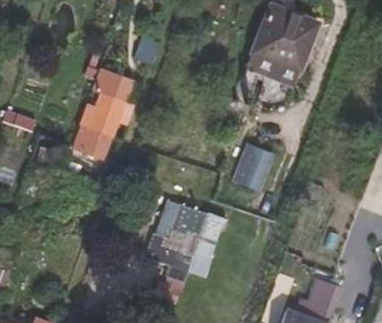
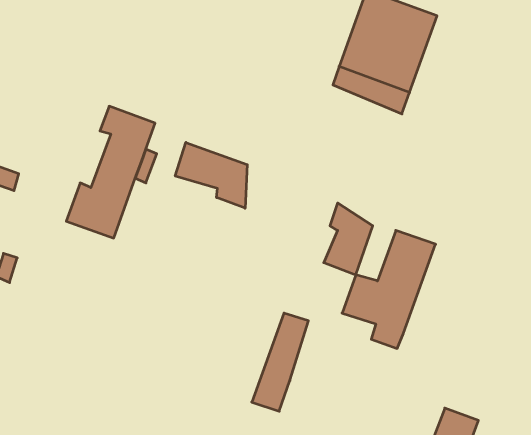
building: none -> [175,142,247,208]
building: [151,205,212,283] -> [342,230,436,348]

